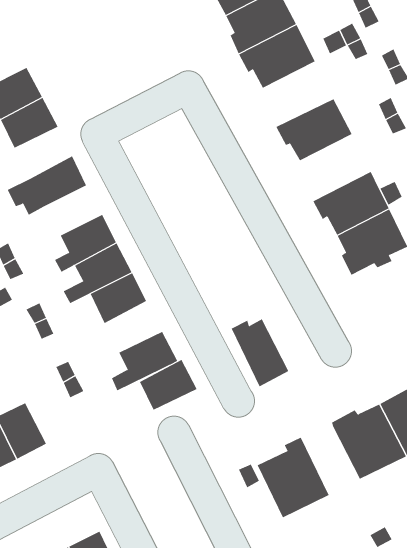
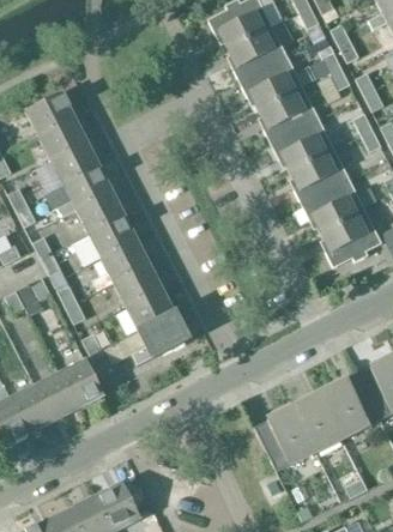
building: none -> [259,87,319,143]
building: none -> [50,143,99,186]
building: none -> [290,149,350,205]
building: none -> [75,192,125,234]
building: [231,319,289,387] -> [291,394,340,452]
building: [139,359,198,411] -> [126,289,175,332]
building: none -> [60,361,103,409]

